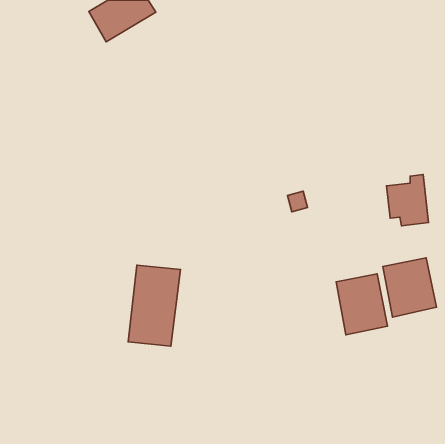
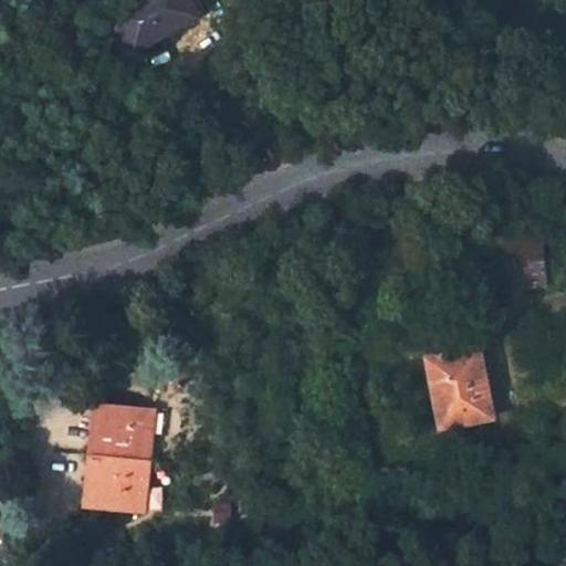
building: [383,258,436,317] -> none
building: [128,265,180,346] -> [86,408,153,511]

